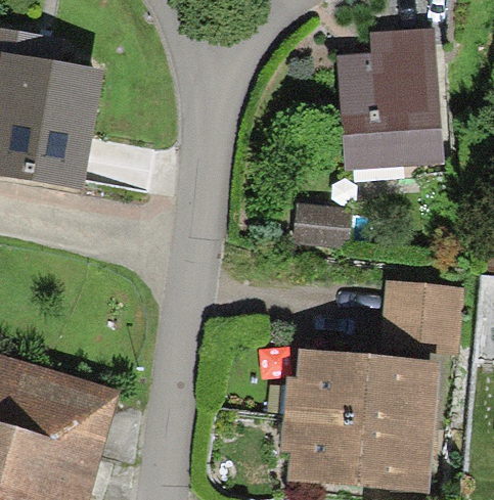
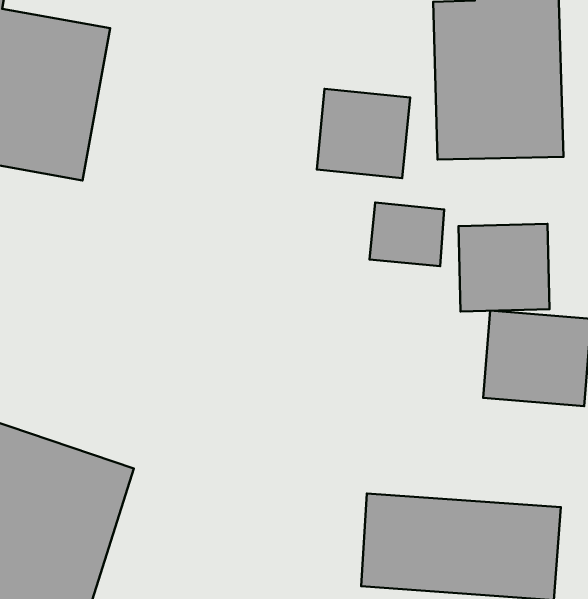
building: none -> [317,89,410,178]
building: none -> [458,224,550,311]
building: [293,349,441,426] -> none

